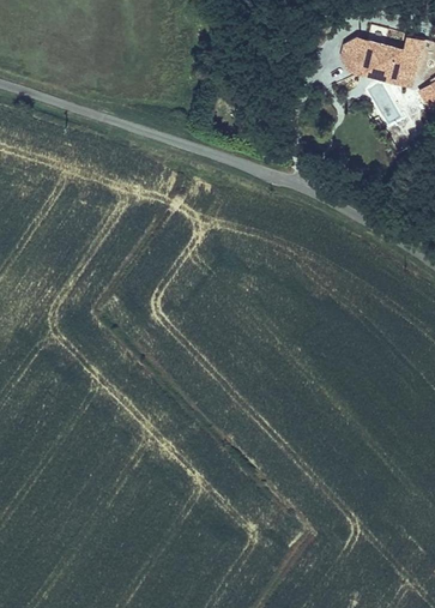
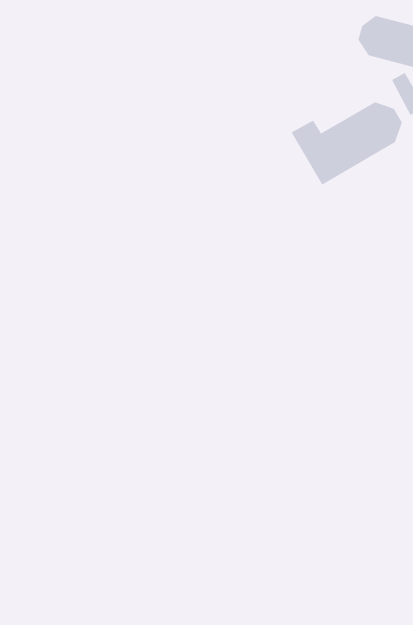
building: none -> [291,102,403,186]

